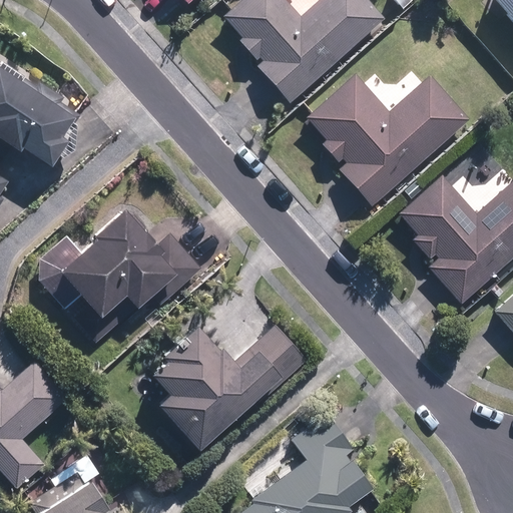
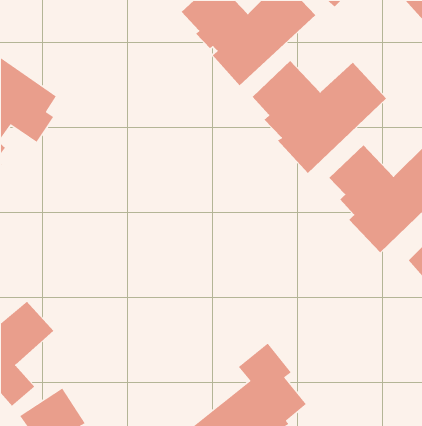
building: [38,208,203,319] -> none
building: [150,323,309,449] -> none

